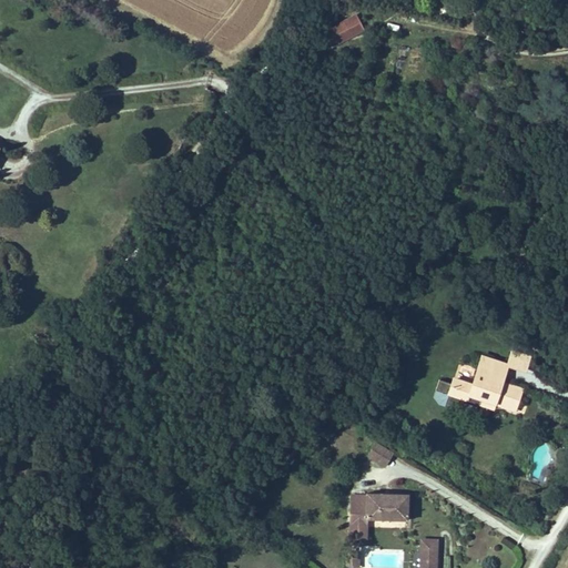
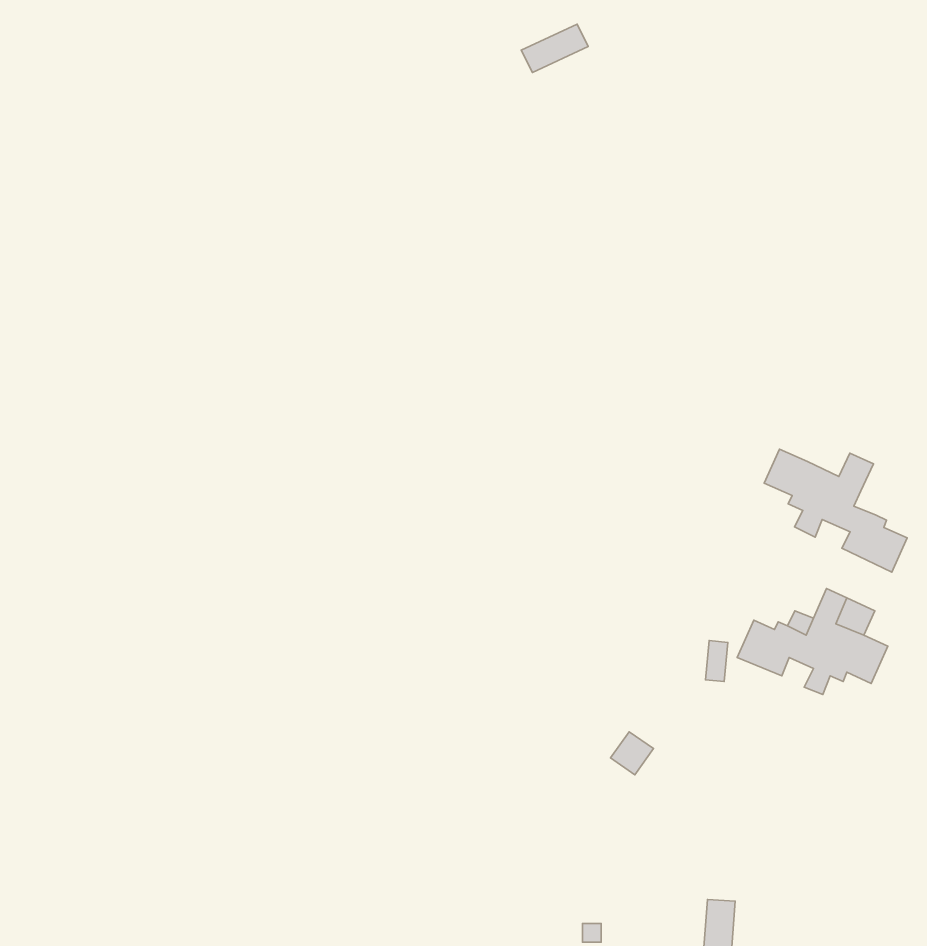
building: none -> [764,449,907,572]
building: [352,495,408,538] -> none

